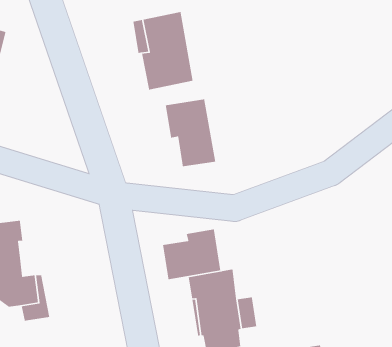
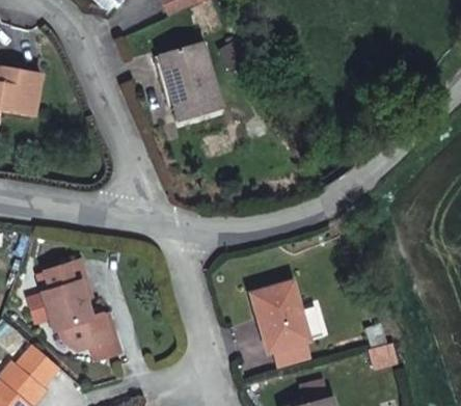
building: [165,99,216,167] -> none
building: [162,229,221,280] -> none

